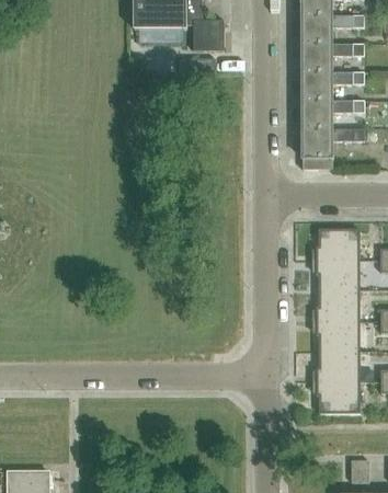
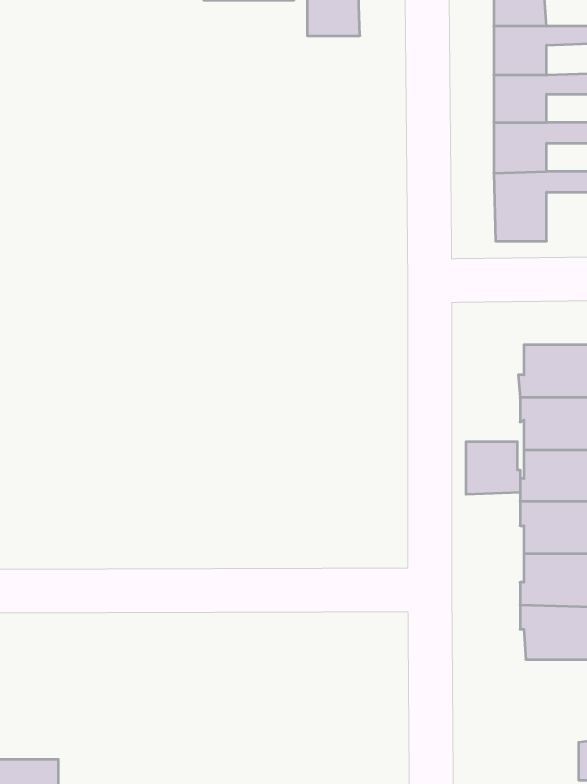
building: none -> [466,442,520,494]

